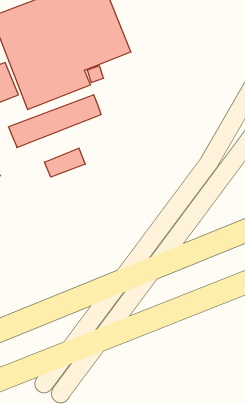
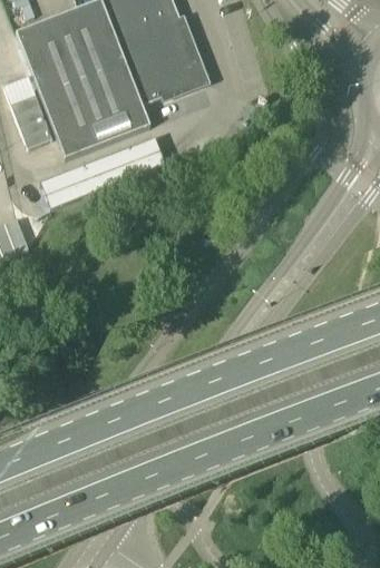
building: [44,148,85,177] -> none

